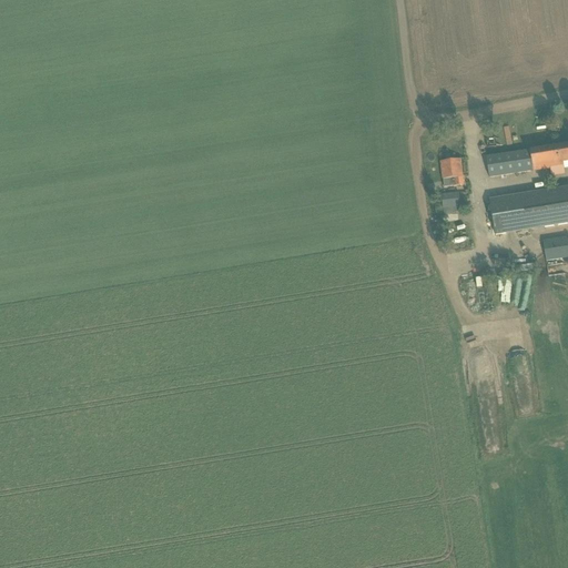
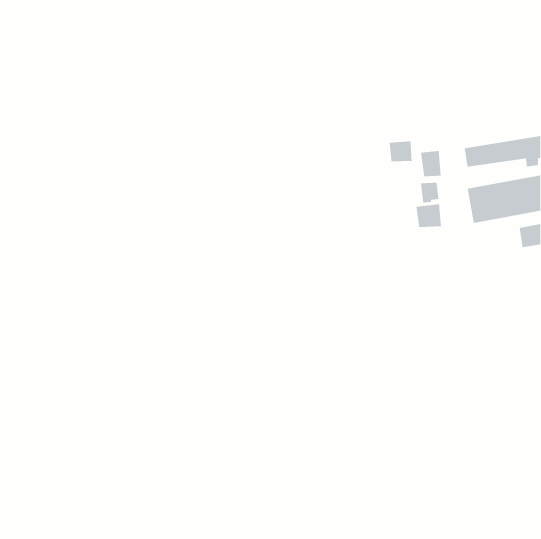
building: none -> [389,141,412,162]
building: none -> [416,204,441,228]

